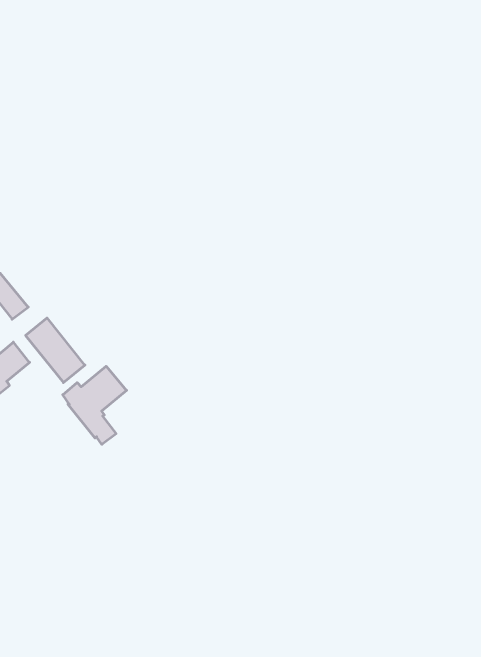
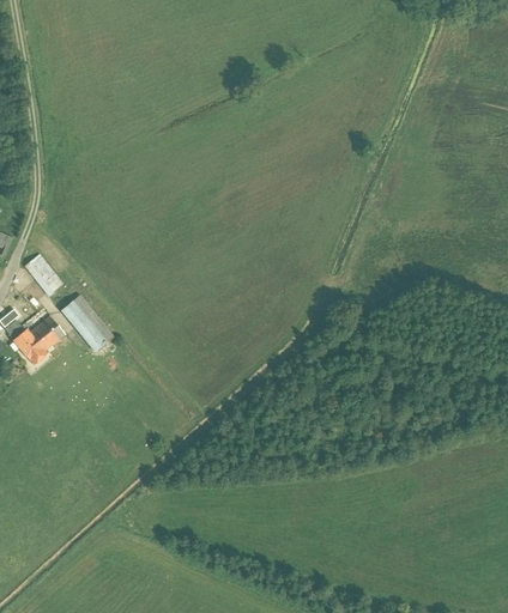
building: [63,366,127,444] -> none

